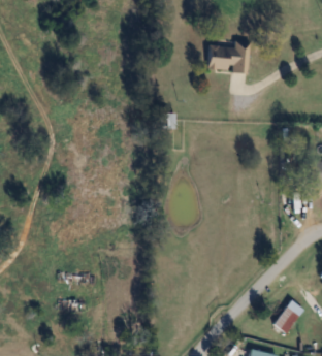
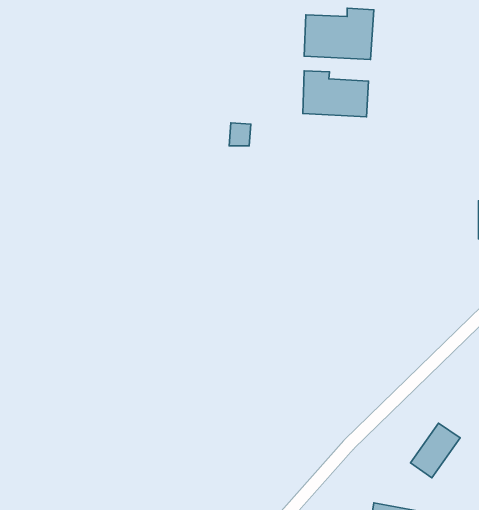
building: none -> [303,71,369,117]

